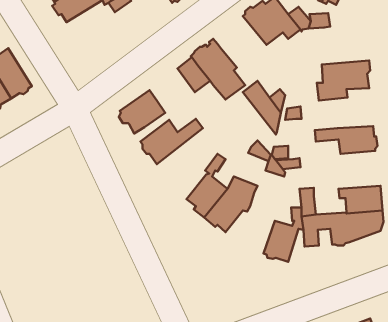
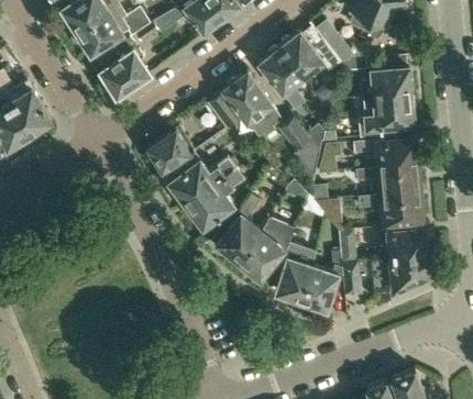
building: none -> [100,35,150,97]
building: none -> [257,47,304,110]
building: none -> [362,55,414,99]
building: none -> [353,136,420,167]
building: none -> [186,167,243,228]
building: none -> [358,191,425,222]
building: none -> [276,236,312,302]

